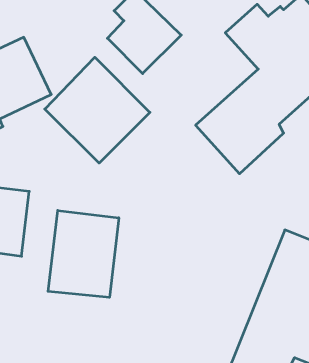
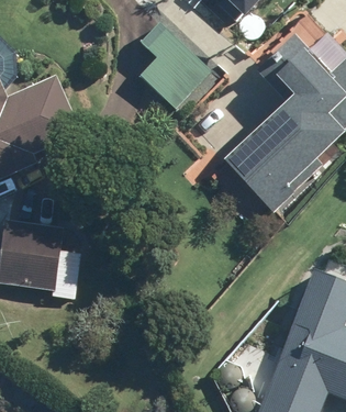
building: [45,57,150,163] -> none
building: [48,210,119,297] -> none

